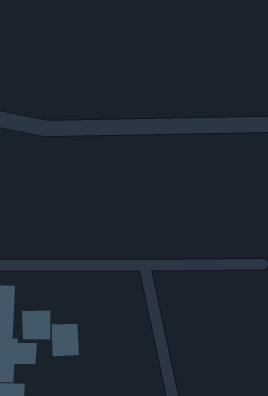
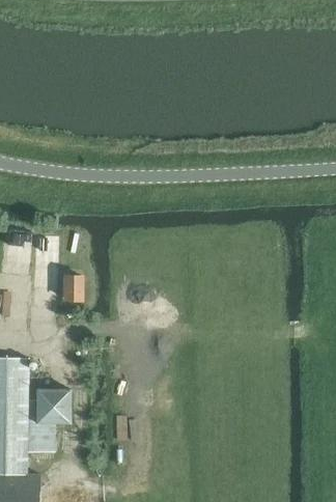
building: none -> [63,275,84,301]
building: [51,323,79,357] -> none

